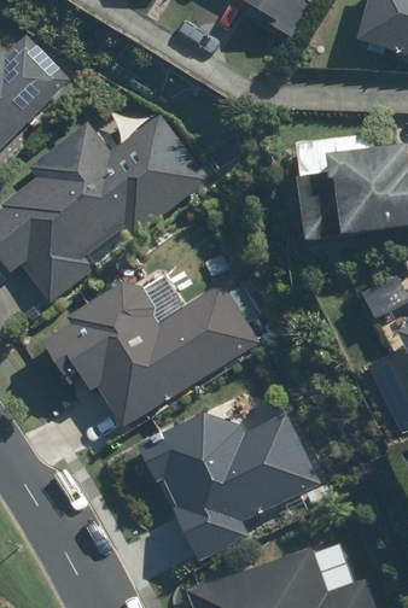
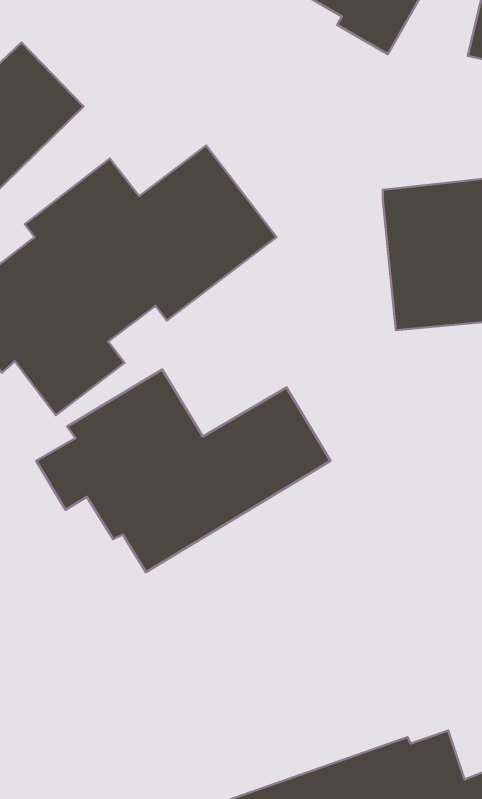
building: [140,409,315,565] -> none

